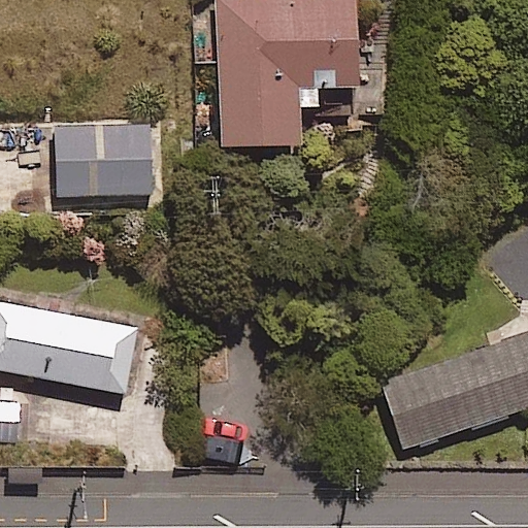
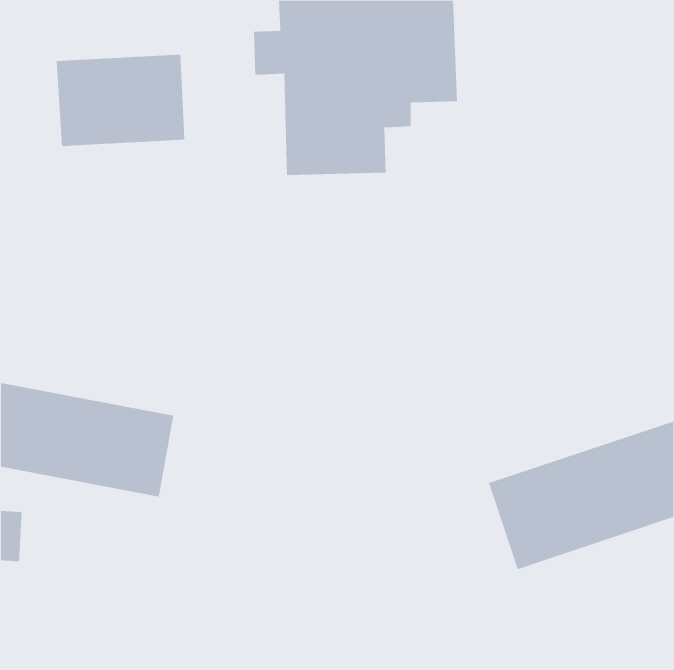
building: [52,124,153,196] -> [56,54,185,146]

